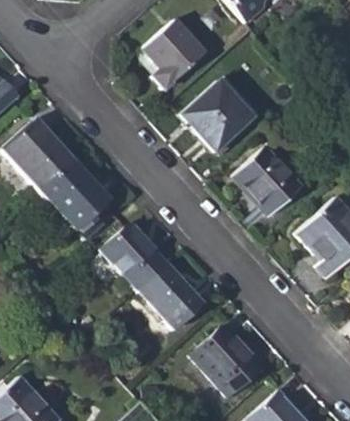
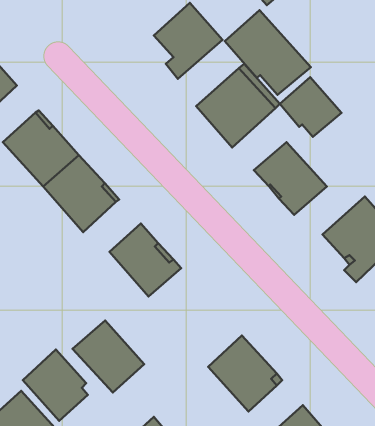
building: none -> [225,10,311,95]
building: none -> [280,77,341,137]
building: [137,264,203,330] -> [73,321,144,392]
building: none -> [23,349,88,421]

